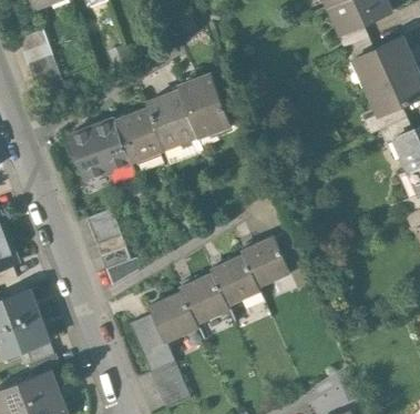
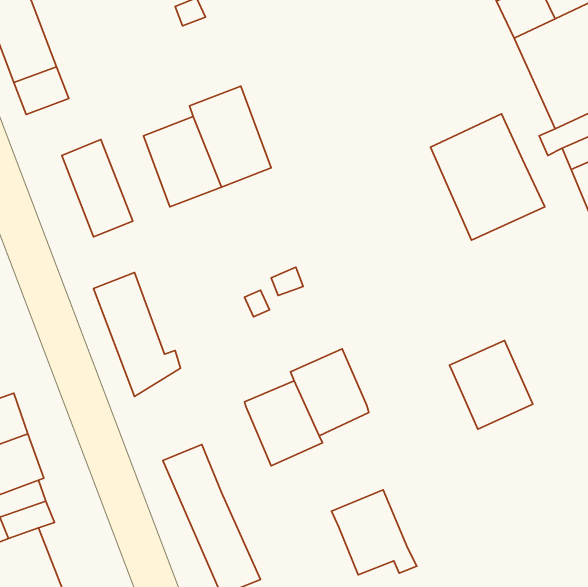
building: [176,73,232,142] -> none
building: none -> [430,114,545,240]
building: [90,115,133,175] -> none
building: [238,235,290,291] -> [449,340,533,429]
building: [148,292,202,345] -> [332,490,417,575]

